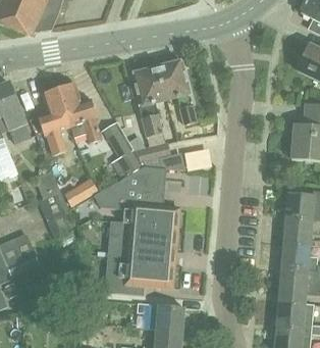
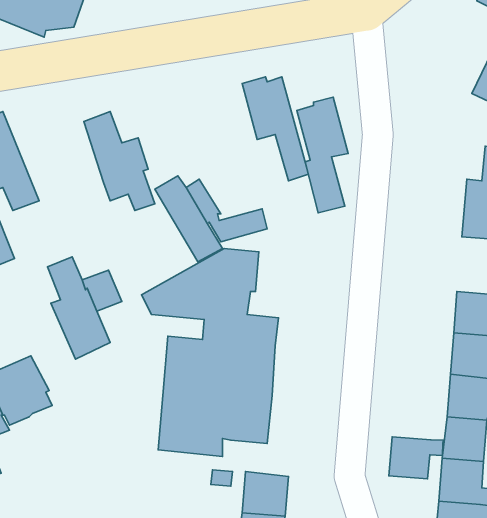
building: [132,63,164,135] -> [297,97,348,213]
building: [37,87,69,153] -> none
building: none -> [389,437,443,479]

